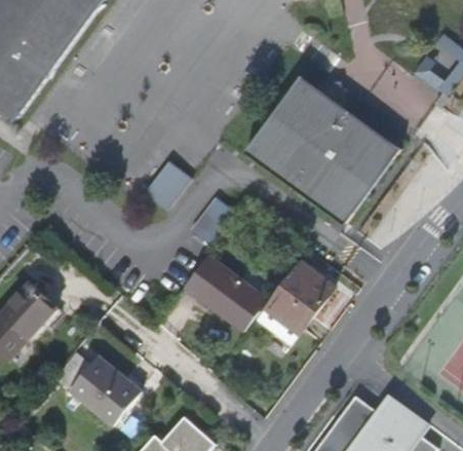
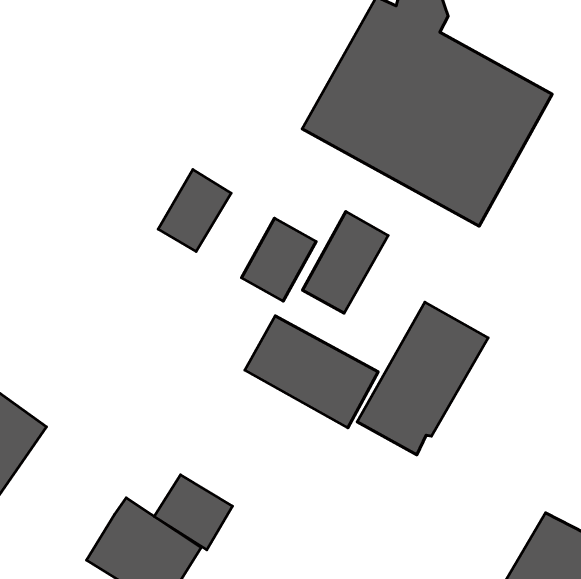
building: none -> [303,211,388,313]
building: none -> [154,475,233,550]
building: [56,351,95,392] -> none

